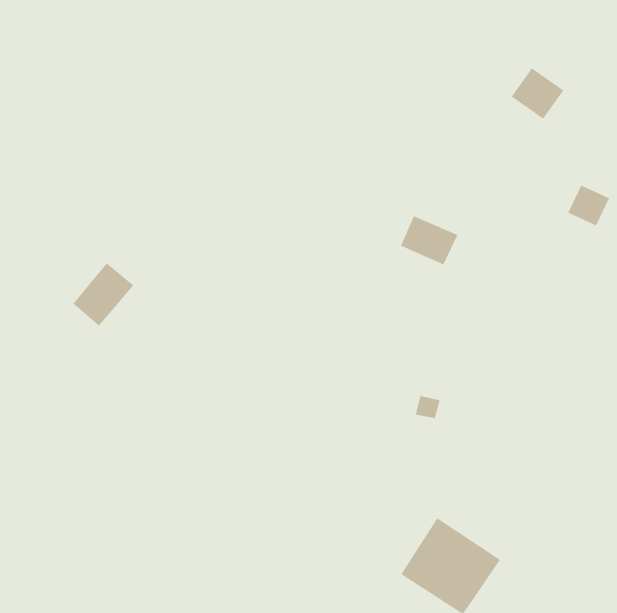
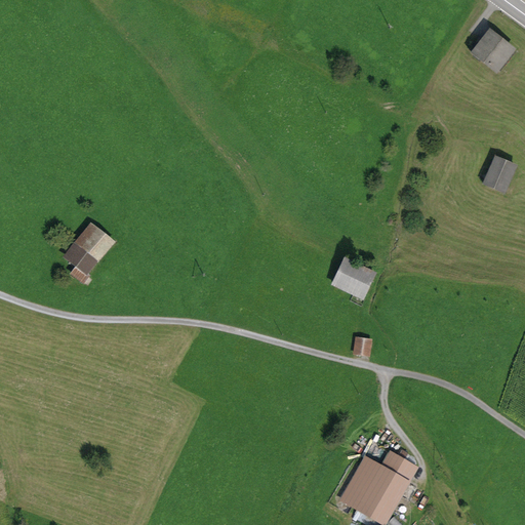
building: [511,67,564,119] -> [469,28,514,72]
building: [400,216,458,265] -> [326,256,375,298]

